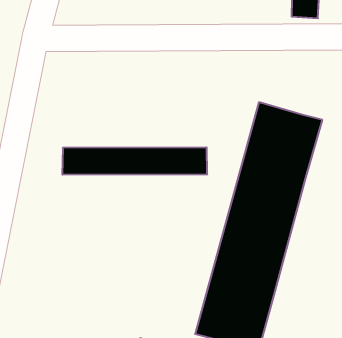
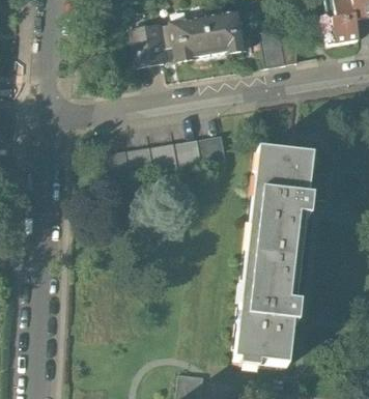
building: [62,147,207,175] -> [95,134,228,177]

